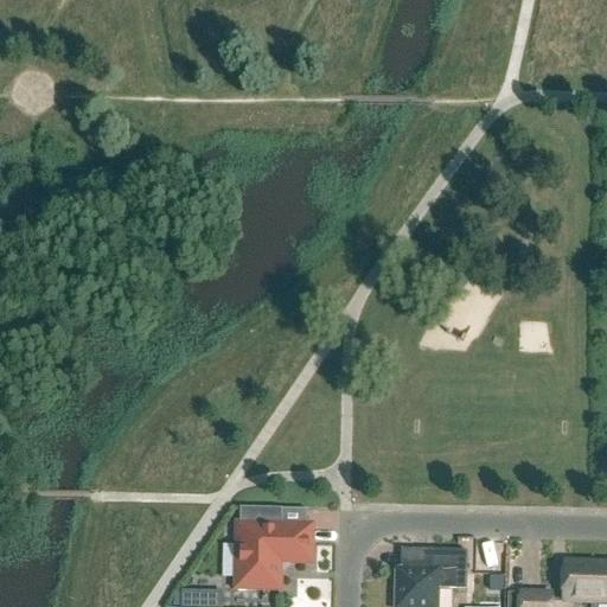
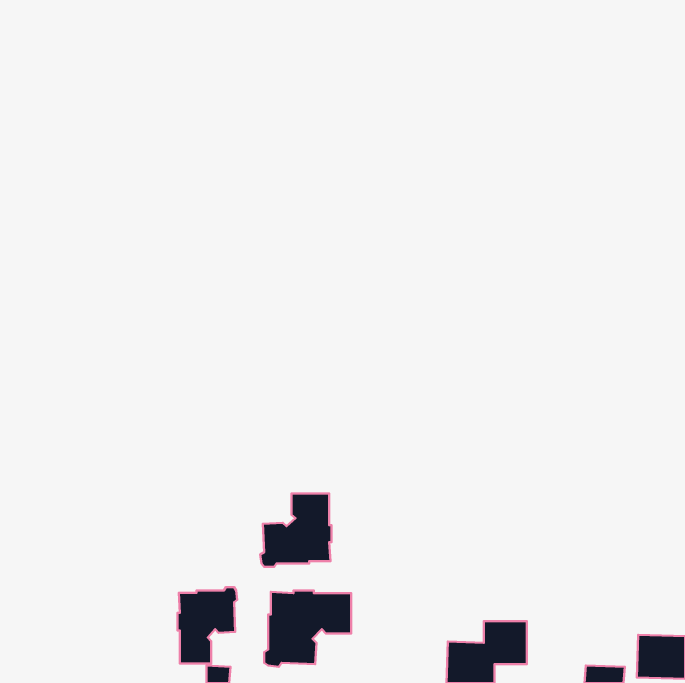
building: none -> [260,493,332,567]
building: none -> [178,587,237,663]

